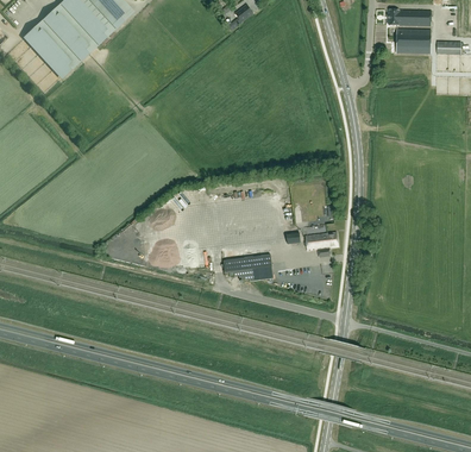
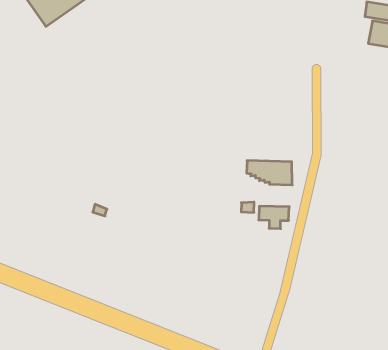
building: [222,255,272,281] -> [247,161,292,185]

